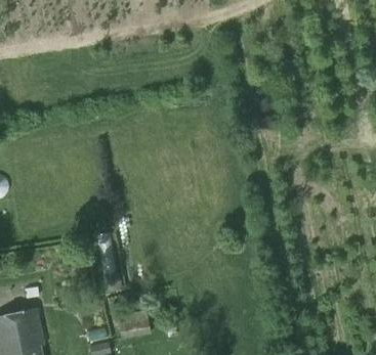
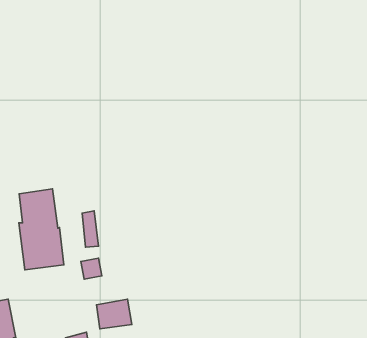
building: none -> [19,189,64,270]

